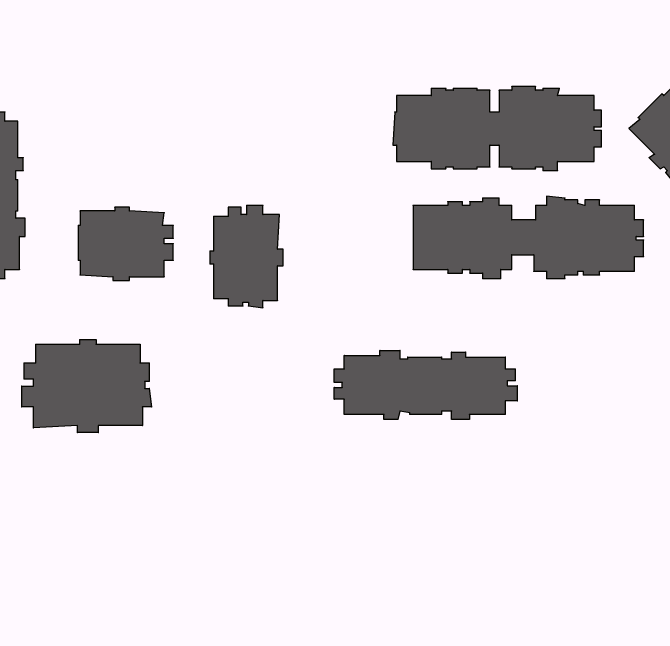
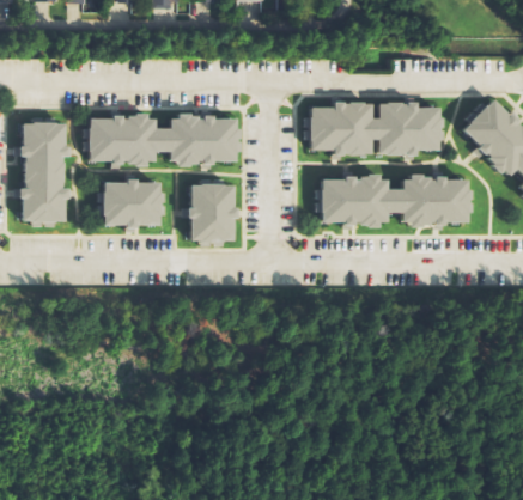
building: none -> [91,114,242,166]
building: [22,340,152,433] -> none
building: [334,350,517,419] -> none

